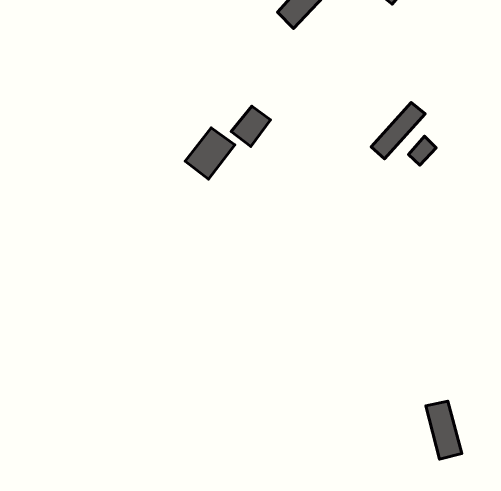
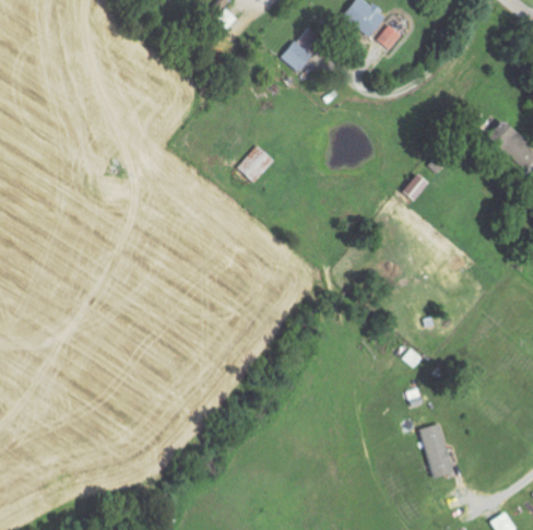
building: [371,103,425,159] -> none
building: [185,128,235,179] -> none

